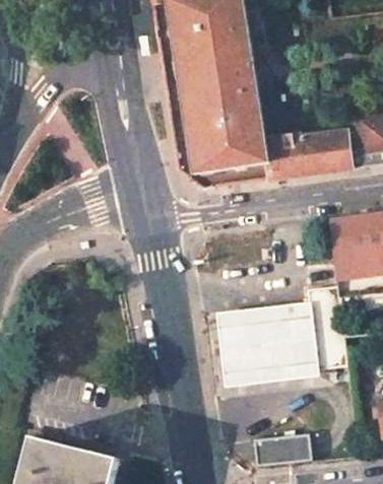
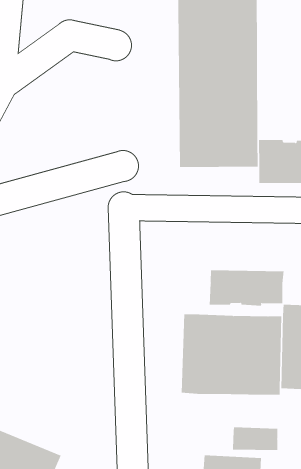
building: none -> [209,269,284,307]
building: none -> [233,426,278,451]

